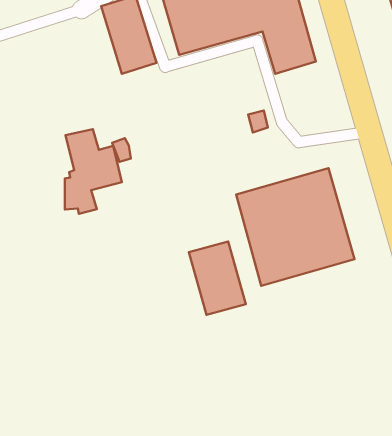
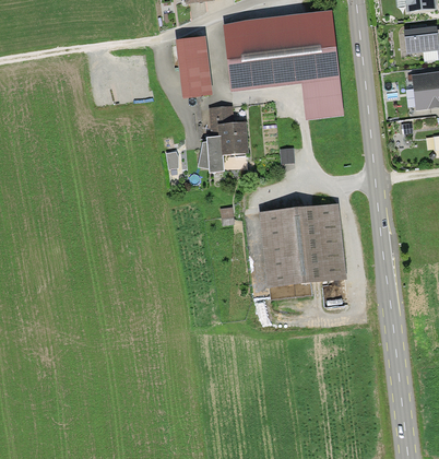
building: [65,129,122,214] -> [198,105,248,172]
building: [189,241,246,315] -> none

